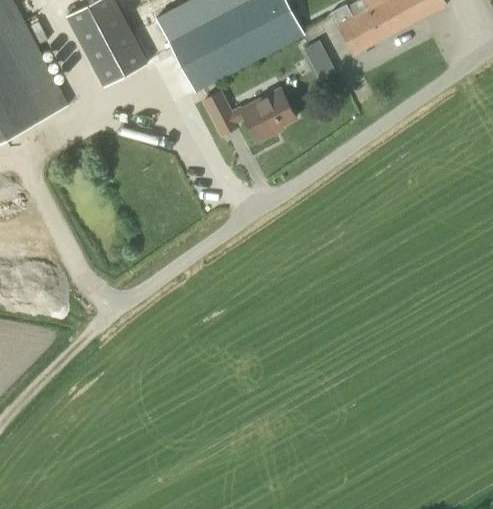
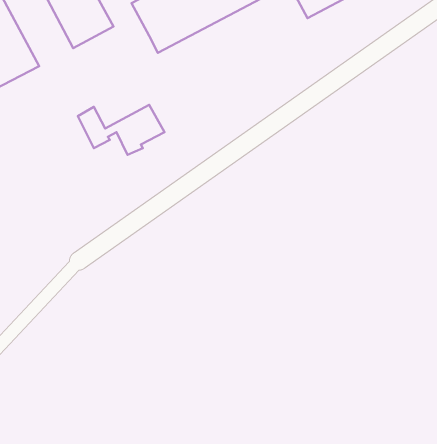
building: [303,39,336,80] -> none
building: [204,88,296,141] -> [78,105,164,155]

